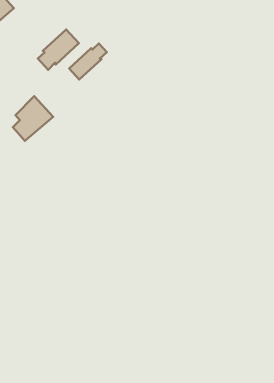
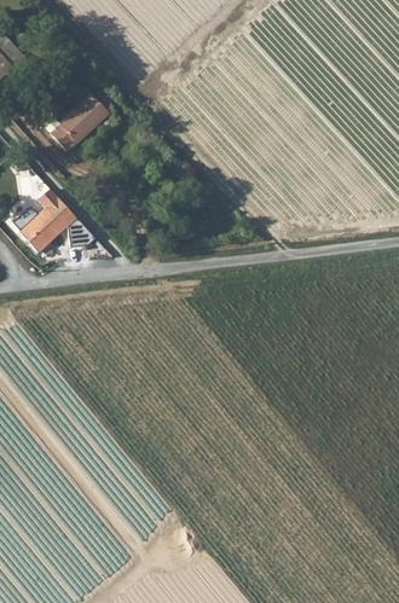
building: [69,43,107,80] -> none

